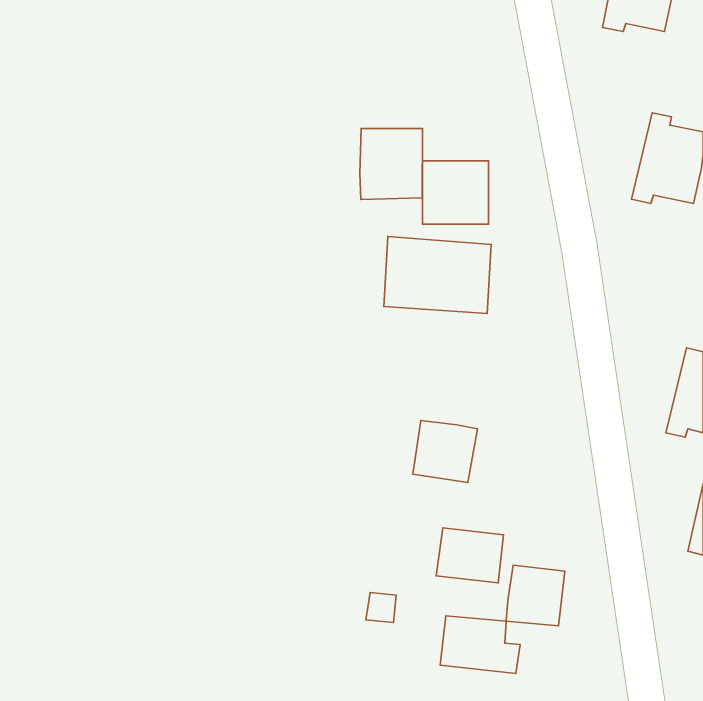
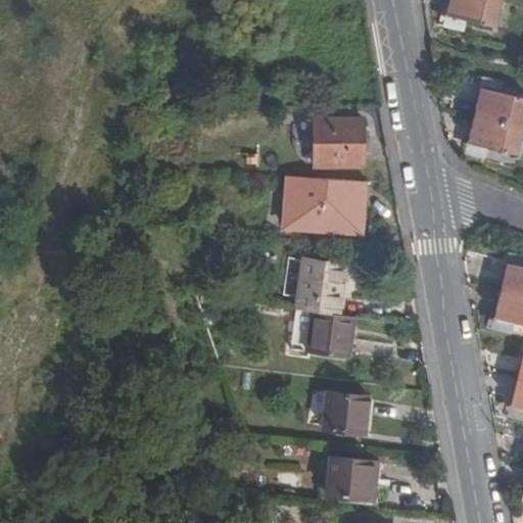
building: [360,128,422,199] -> none
building: none -> [295,260,345,316]
building: [506,565,565,626] -> none

